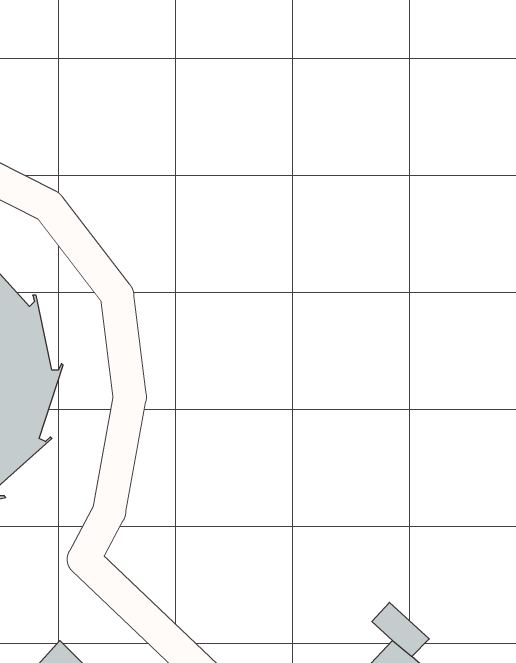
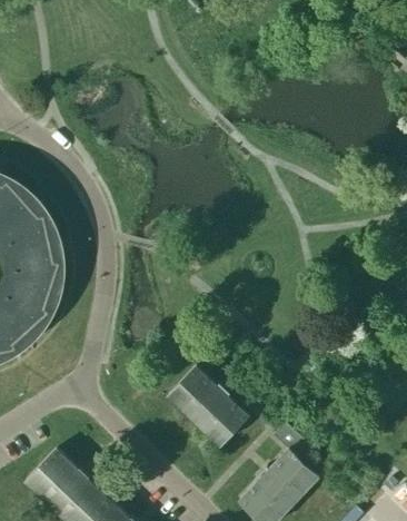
building: none -> [168,366,249,446]

